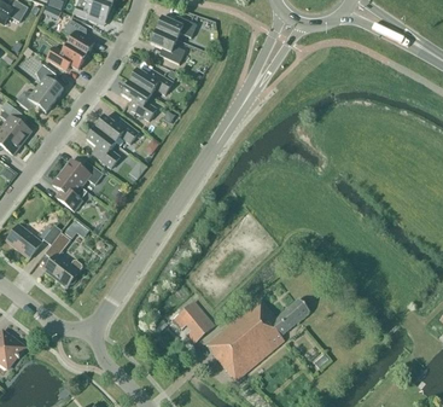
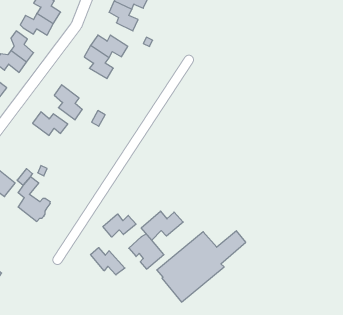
building: [94,116,138,144] -> none
building: [51,171,86,210] -> none
building: none -> [141,211,183,240]
building: none -> [103,214,136,237]
building: none -> [91,248,125,275]

